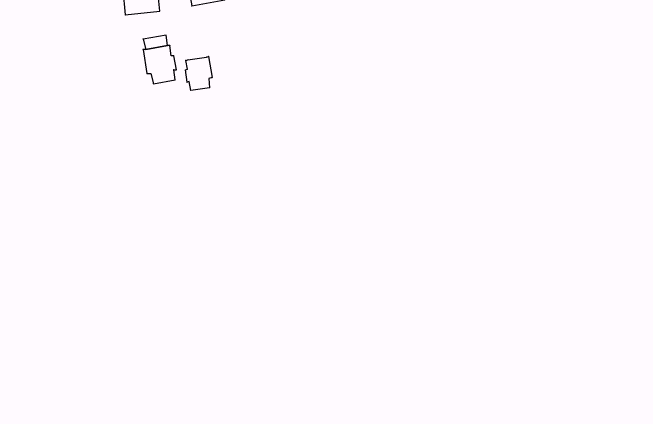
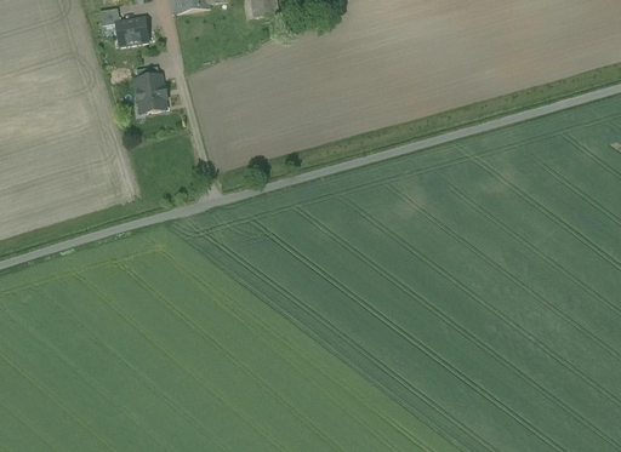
building: [185,56,212,90] -> none

